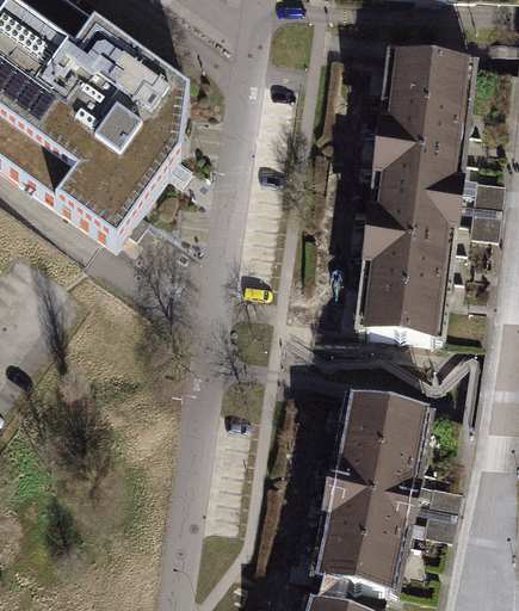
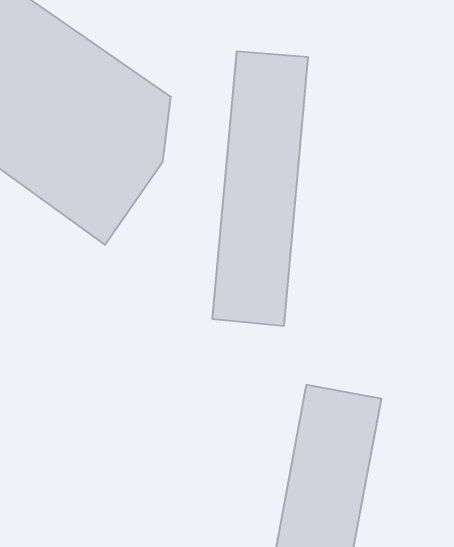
building: [369,54,468,337] -> [212,52,308,326]

